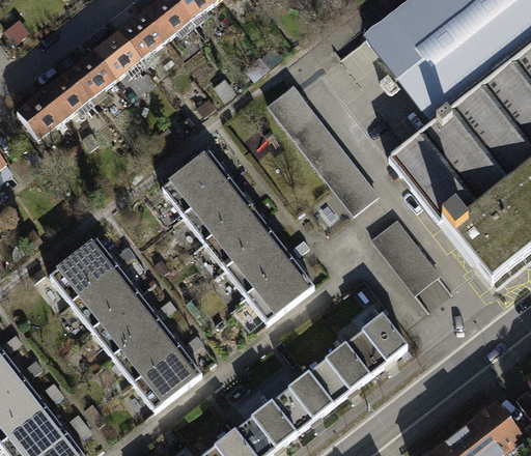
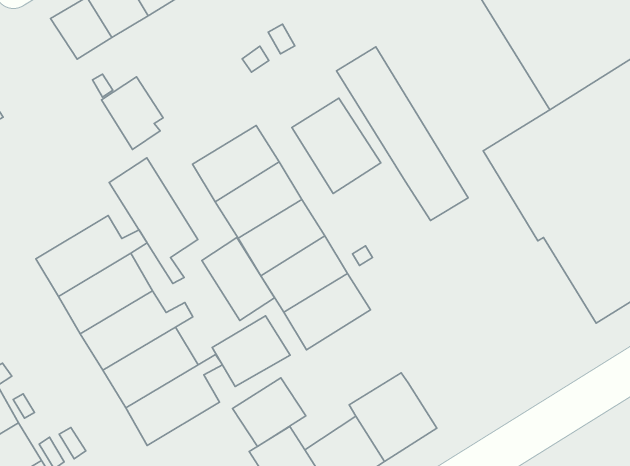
building: [16,91,64,147] -> [102,77,163,149]
building: none -> [292,98,381,193]
building: none -> [109,158,198,284]
building: [368,218,437,293] -> none
building: none -> [202,238,275,321]
building: none -> [212,316,290,386]
building: [344,304,410,372] -> none
building: none -> [232,378,306,446]

